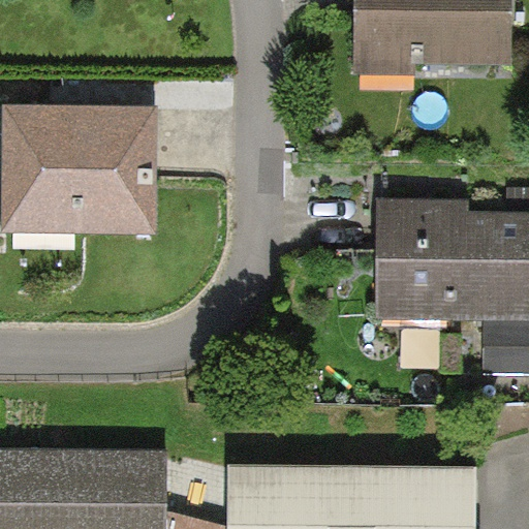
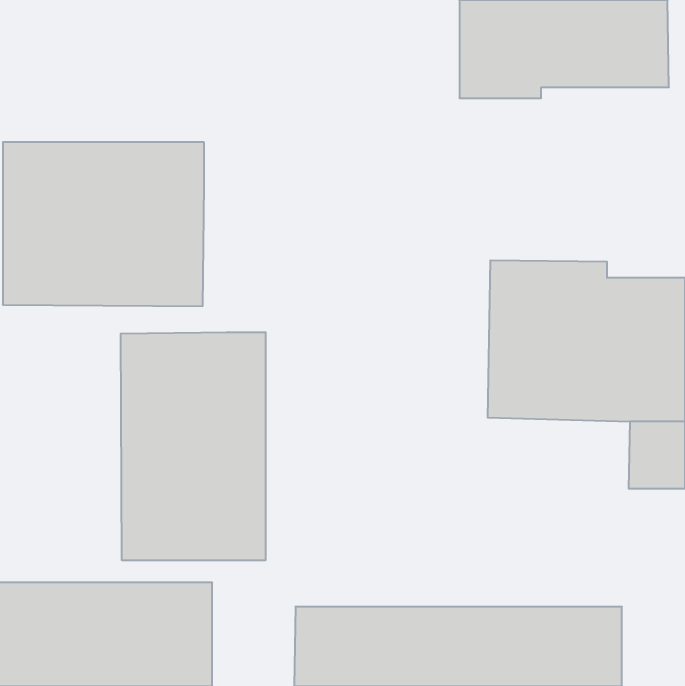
building: none -> [121,332,265,560]

